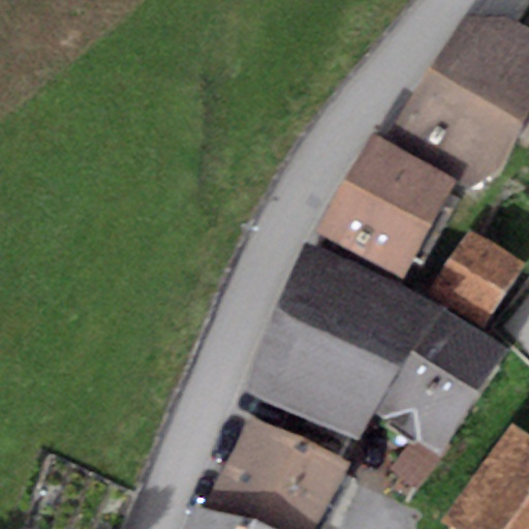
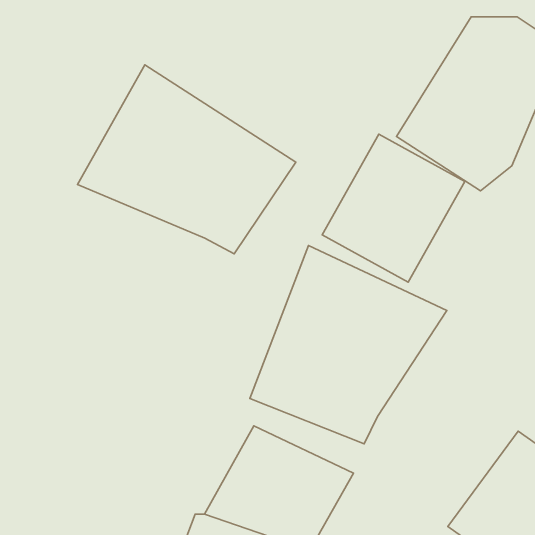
building: none -> [77,65,296,254]
building: [430,230,524,328] -> none
building: [373,307,507,454] -> none

